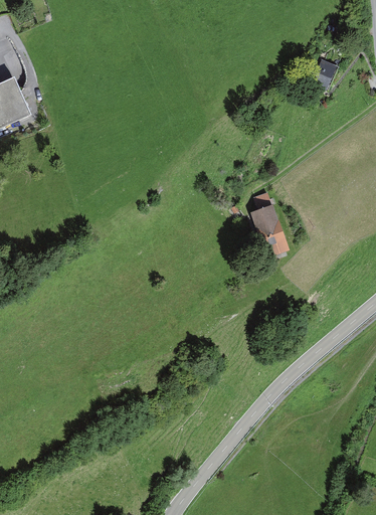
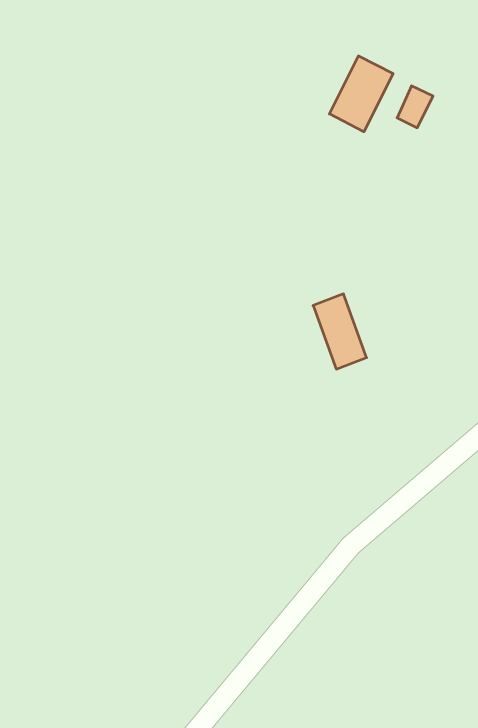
building: none -> [329,56,393,132]

